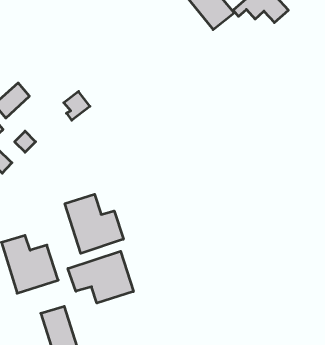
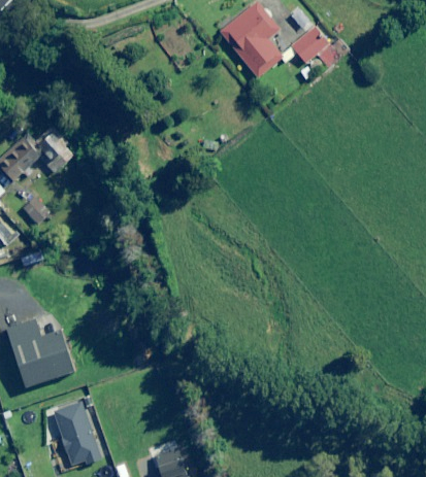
building: [64,91,90,120] -> [42,137,73,171]
building: [65,194,123,253] -> none
building: [68,251,133,303] -> none

